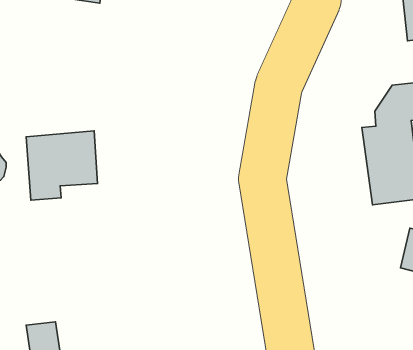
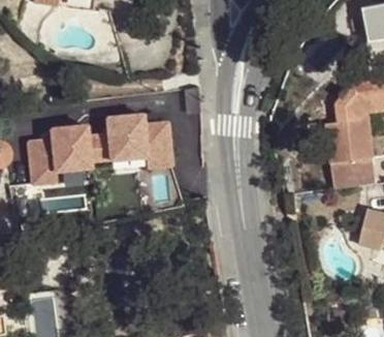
building: none -> [103,112,171,167]

